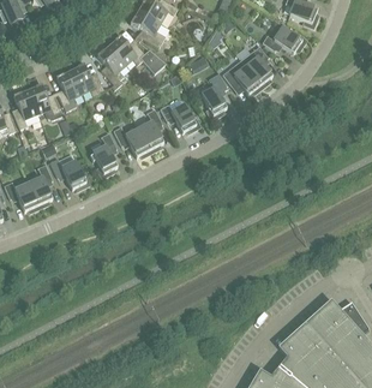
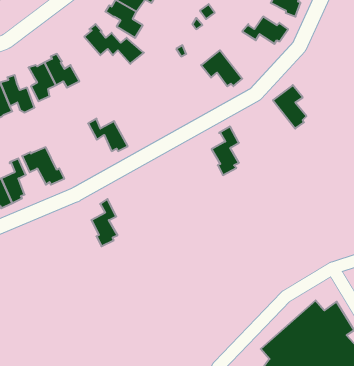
building: [240,42,272,84] -> [273,85,306,129]
building: [96,43,125,86] -> none
building: [200,70,227,117] -> [212,127,239,175]
building: [160,101,199,130] -> none
building: [138,106,163,149] -> none
building: [92,129,118,174] -> [91,199,118,246]

